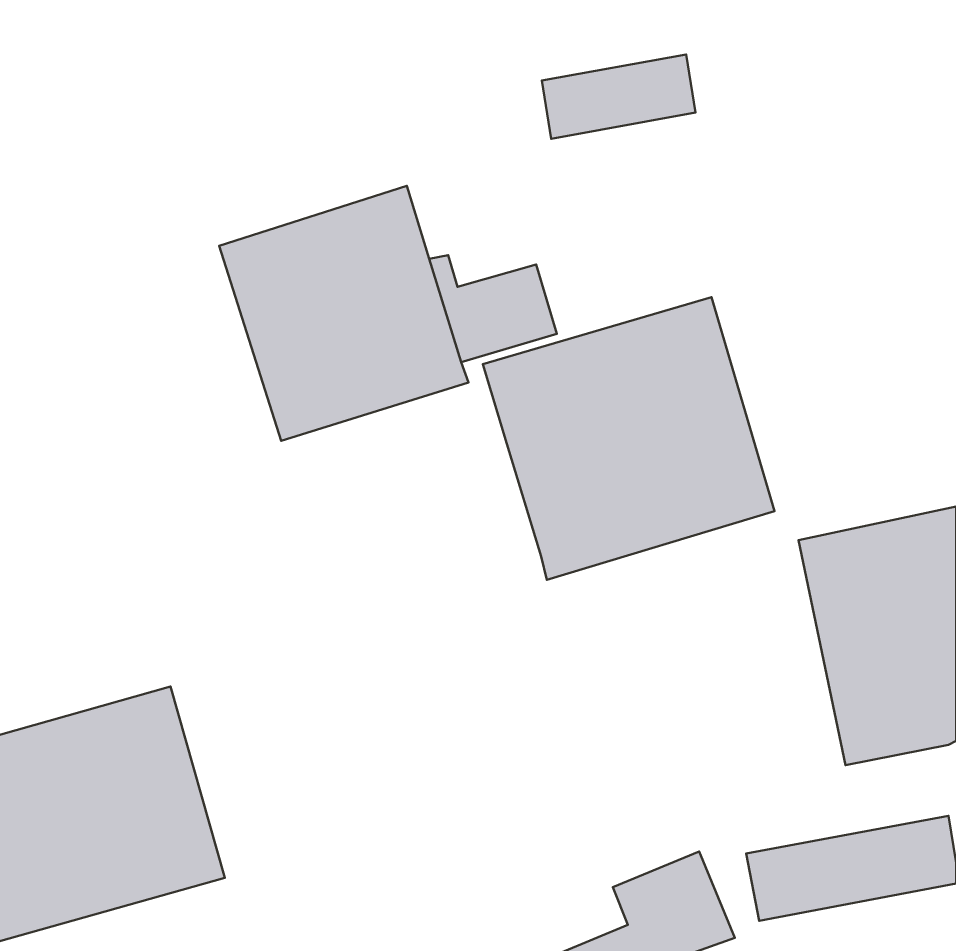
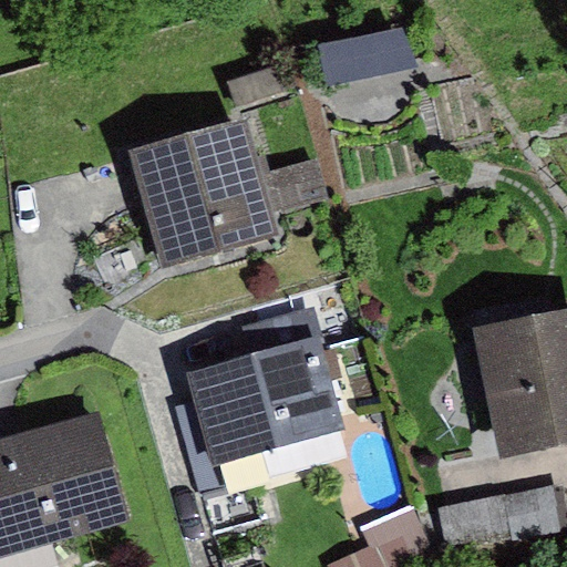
building: [483,297,775,580] -> none
building: none -> [173,336,350,499]

